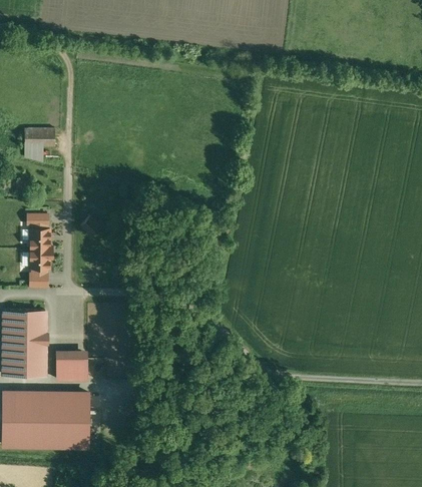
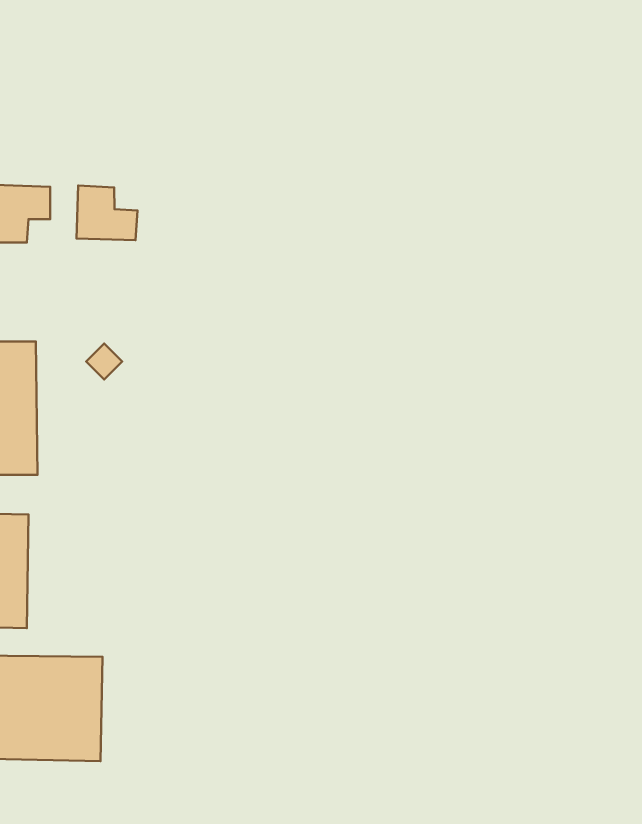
building: none -> [77,185,137,240]
building: [56,358,87,380] -> none

